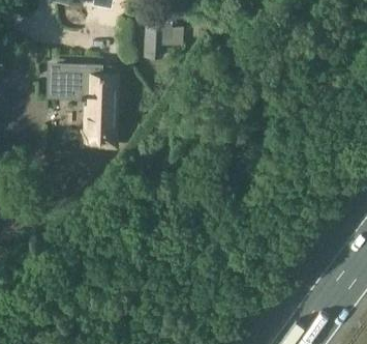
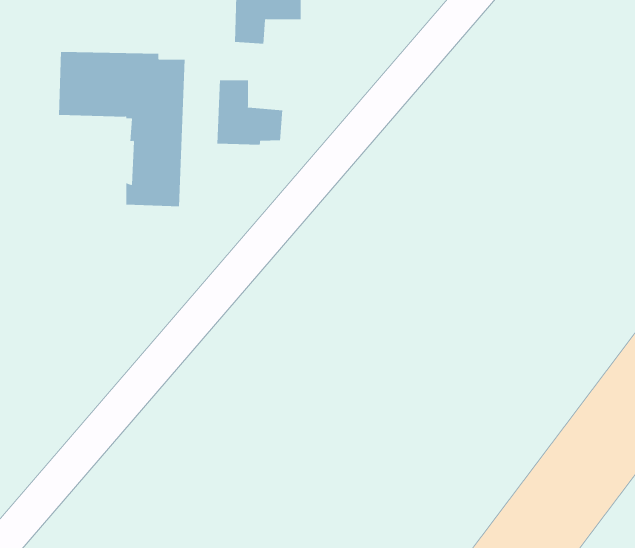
building: none -> [217,79,283,146]

